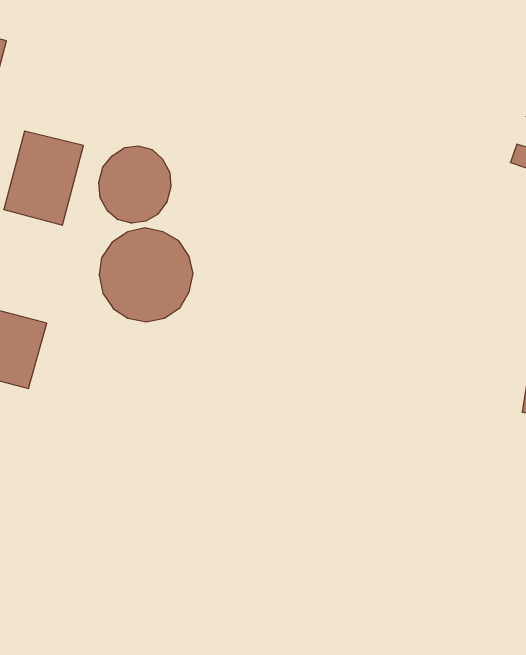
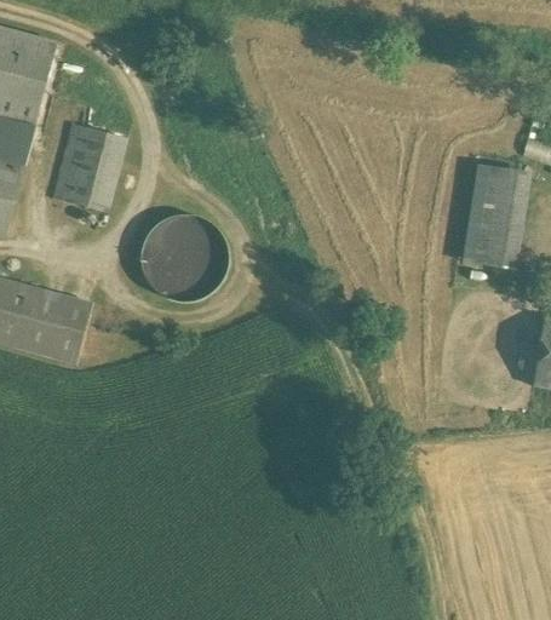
building: [99,146,171,223] -> none
building: none -> [464,166,517,266]

